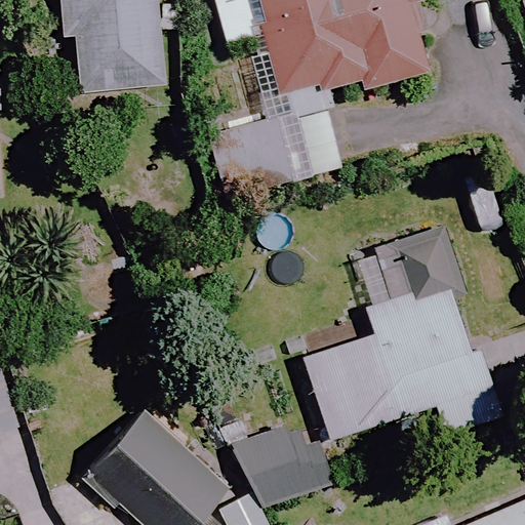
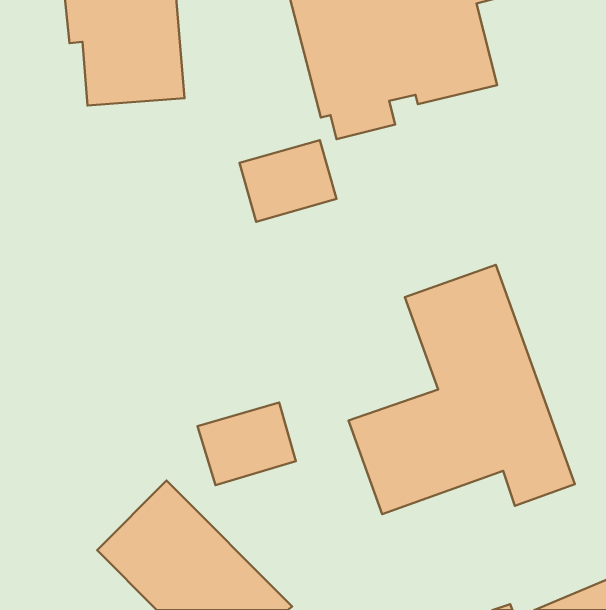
building: [250,436,334,507] -> [198,402,296,485]

